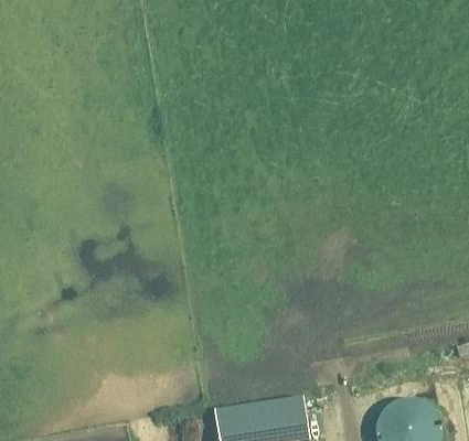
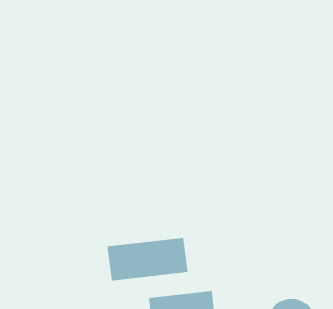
building: none -> [107,237,188,282]

